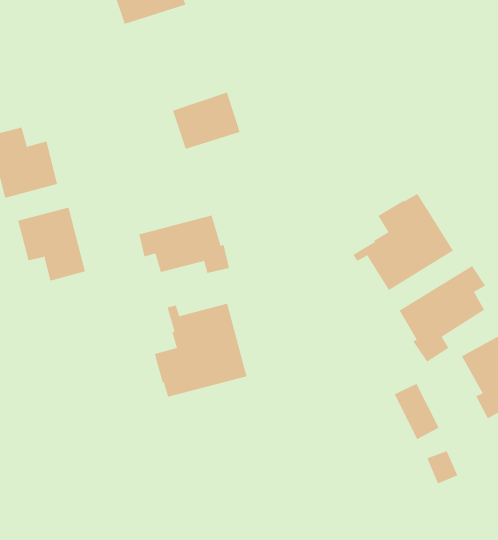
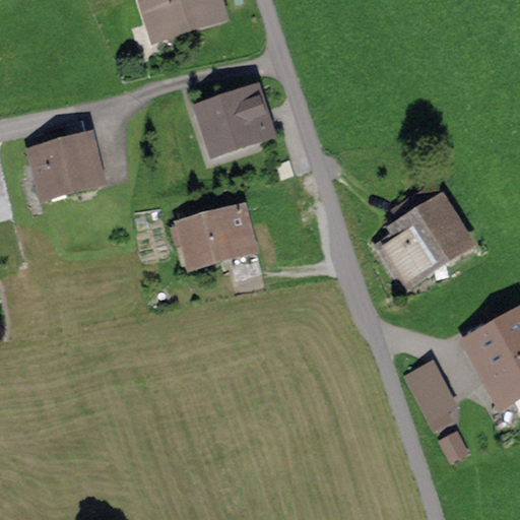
building: [17,207,85,281] -> none
building: [399,265,486,363] -> none
building: [154,303,247,398] -> none

